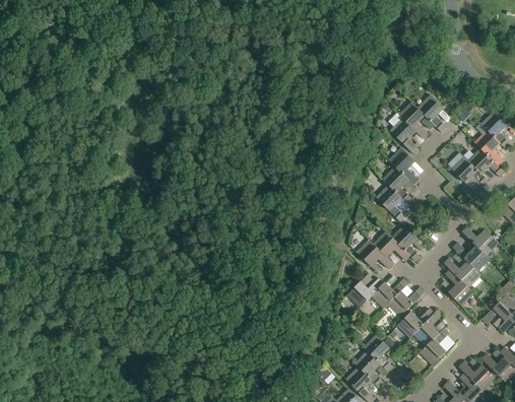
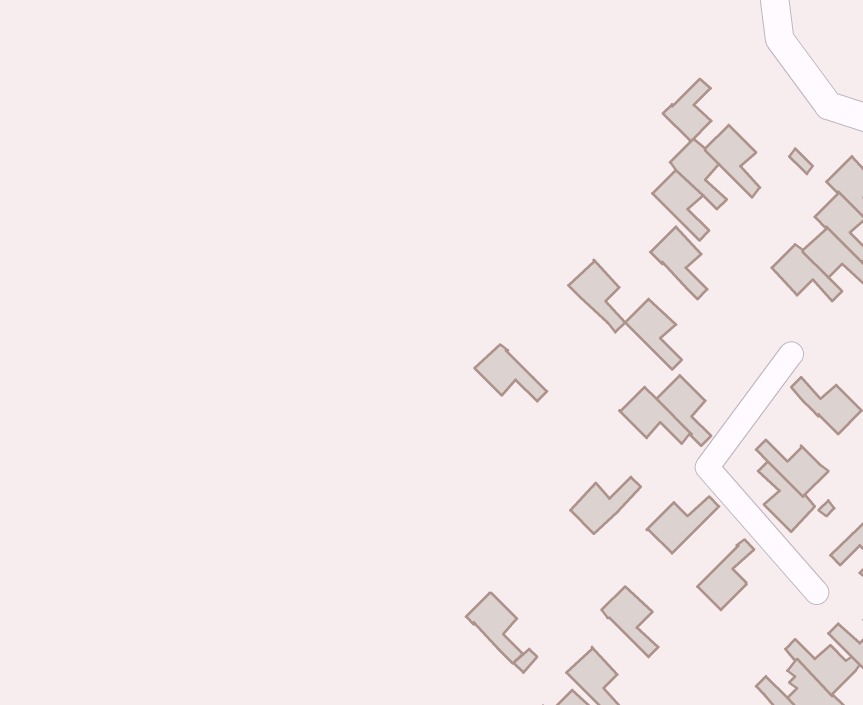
building: none -> [663,79,711,142]
building: [382,165,411,203] -> [568,260,625,332]
building: [357,240,394,269] -> [475,345,547,401]
building: [453,242,491,271] -> none
building: [372,278,408,308] -> none
building: [397,308,435,337] -> none
building: [420,328,449,364] -> none
building: [355,350,384,387] -> [466,593,523,663]

